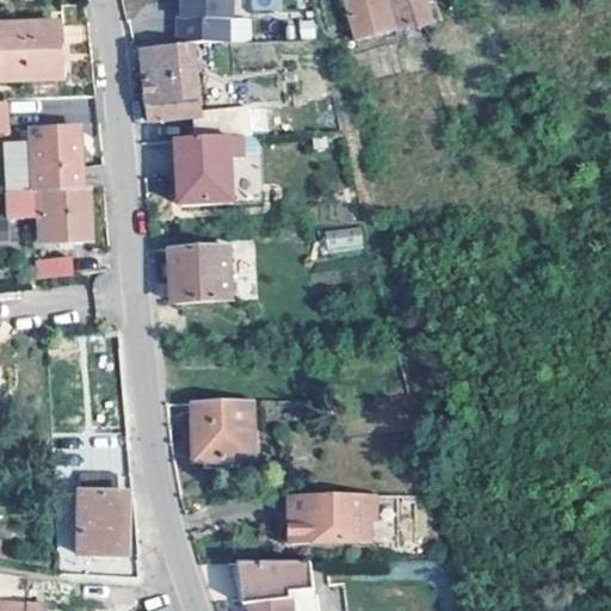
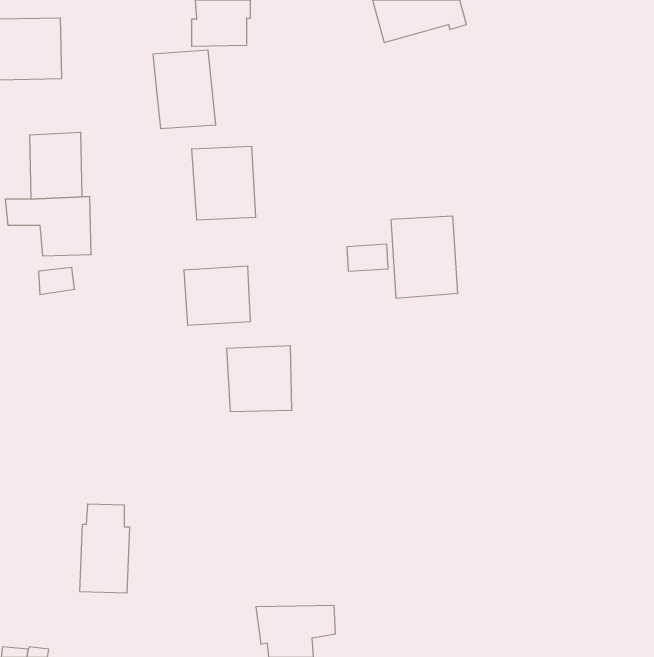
building: none -> [391,216,457,298]
building: [193,399,254,459] -> [226,346,292,411]
building: [291,498,376,547] -> none

